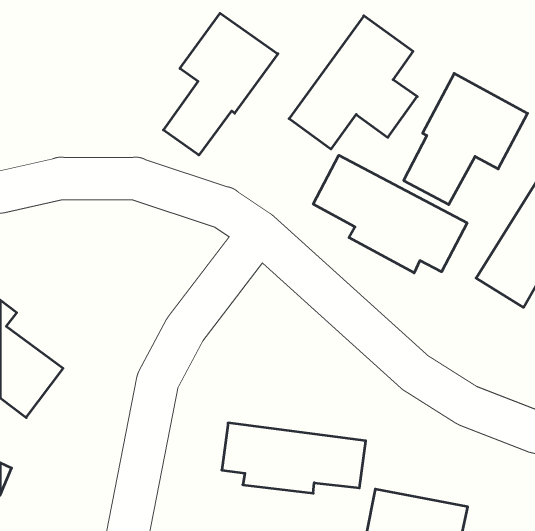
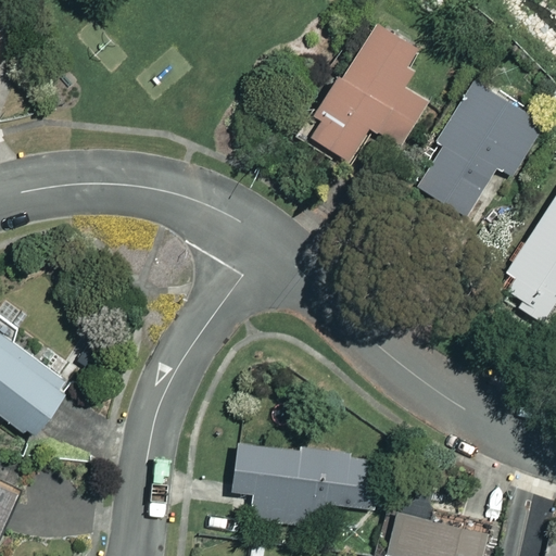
building: [163,13,278,155] -> none
building: [313,155,467,273] -> none

